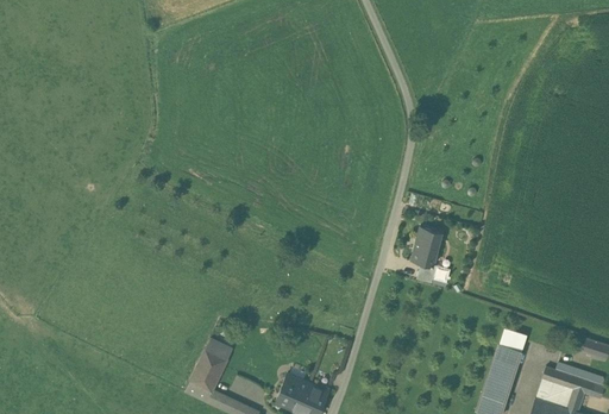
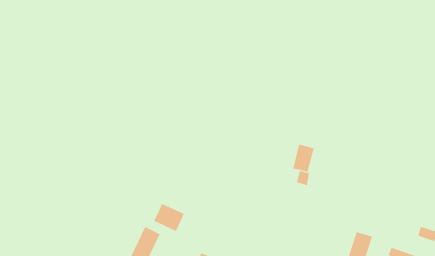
building: none -> [154,203,184,232]

